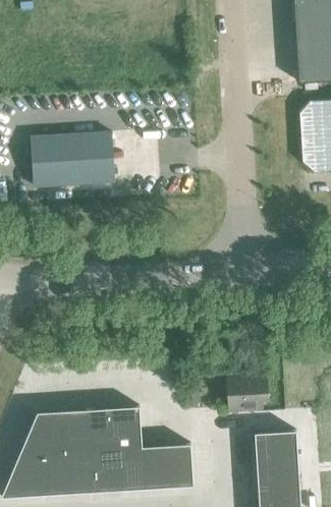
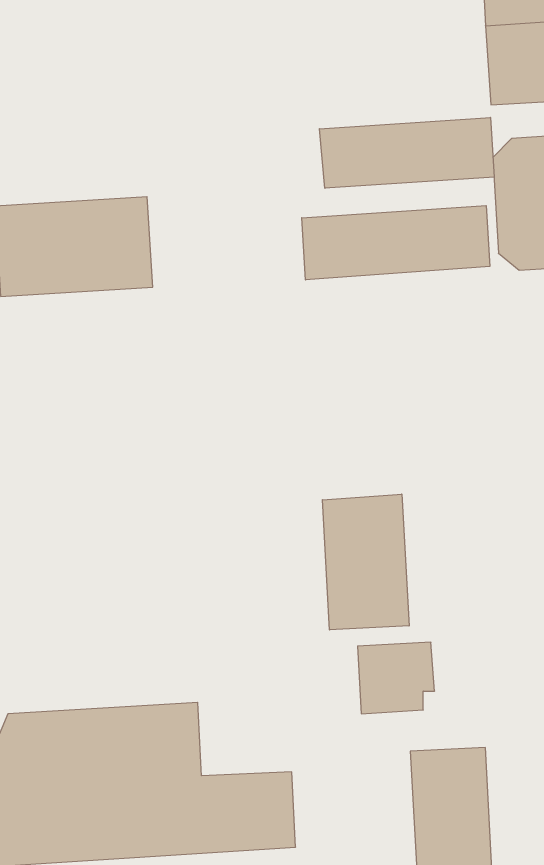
building: none -> [319,117,494,188]
building: none -> [302,206,490,280]
building: none -> [322,494,409,630]

